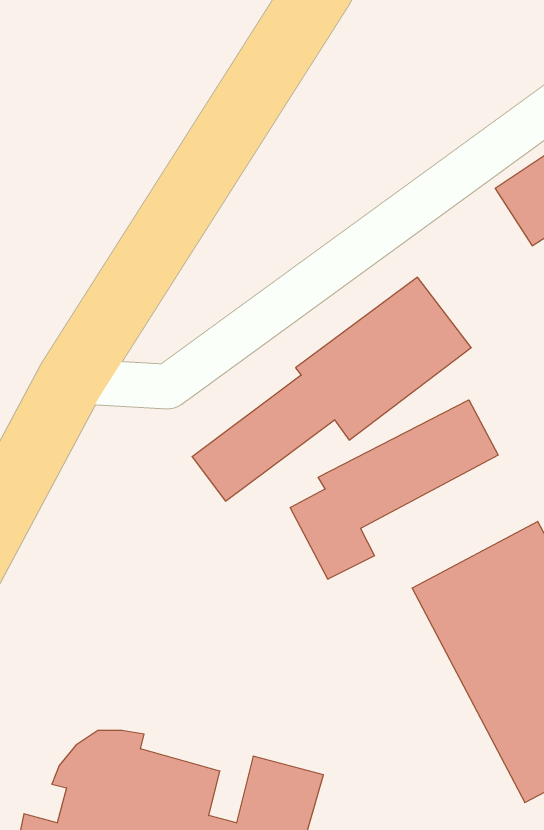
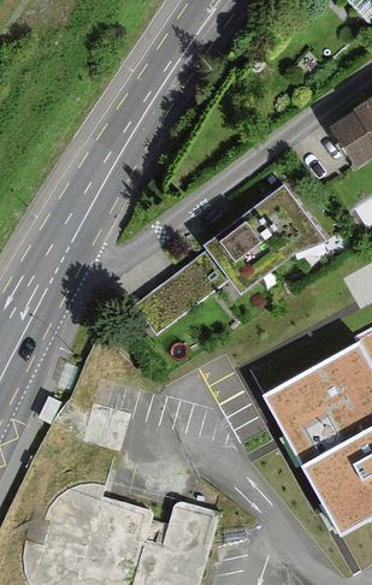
building: [290,400,498,579] -> none

